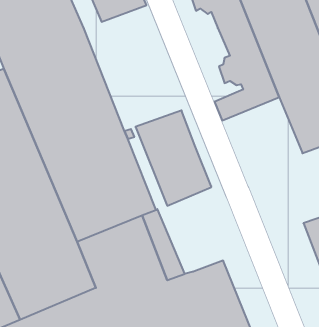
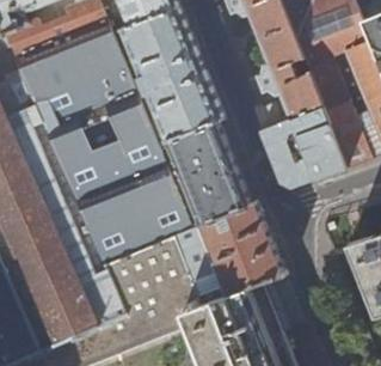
building: none -> [121,10,222,142]
building: none -> [259,110,346,190]
building: none -> [199,205,285,300]

